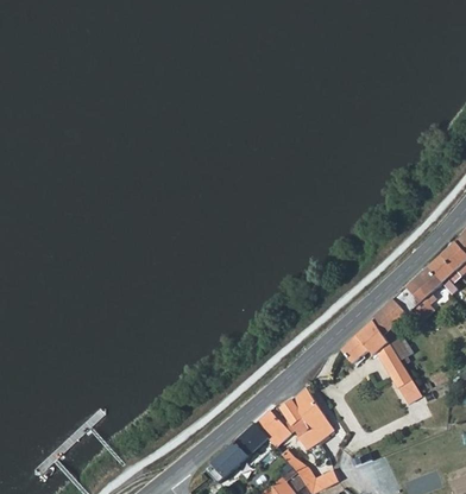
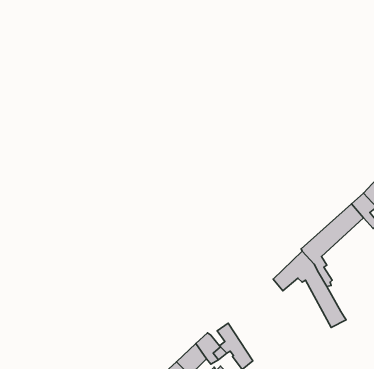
building: [291,386,334,441] -> none

